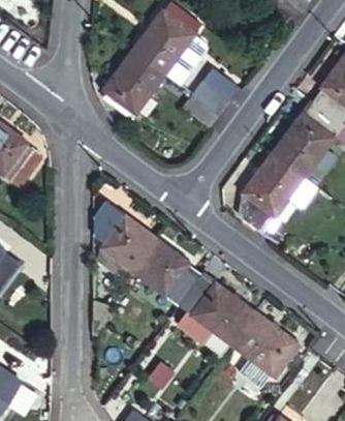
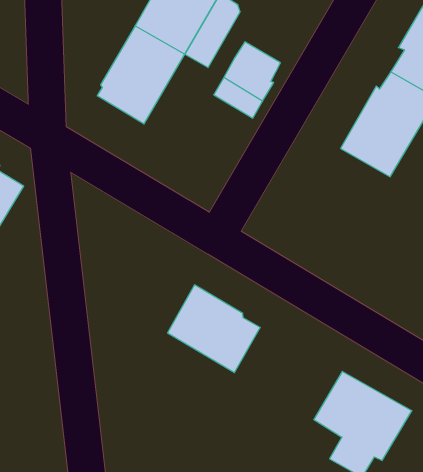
building: [242,153,303,231] -> none
building: [97,202,156,272] -> none
building: [178,274,254,345] -> none

